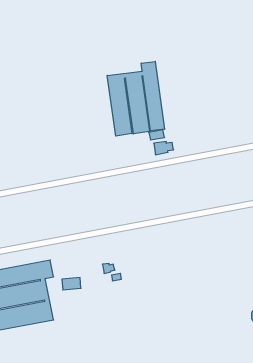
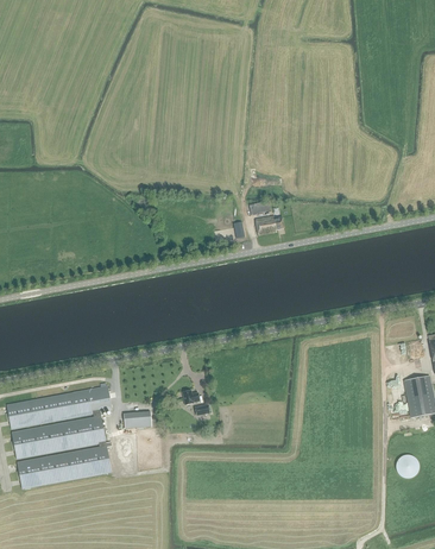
building: [107,61,165,136] -> none

